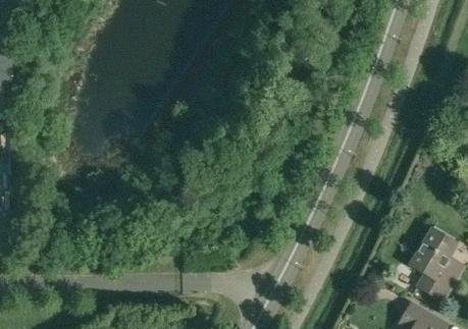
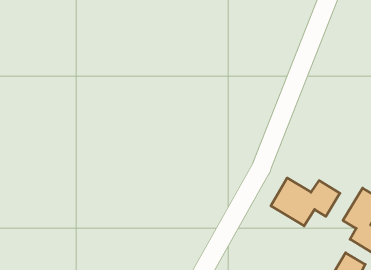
building: none -> [271,178,340,226]

